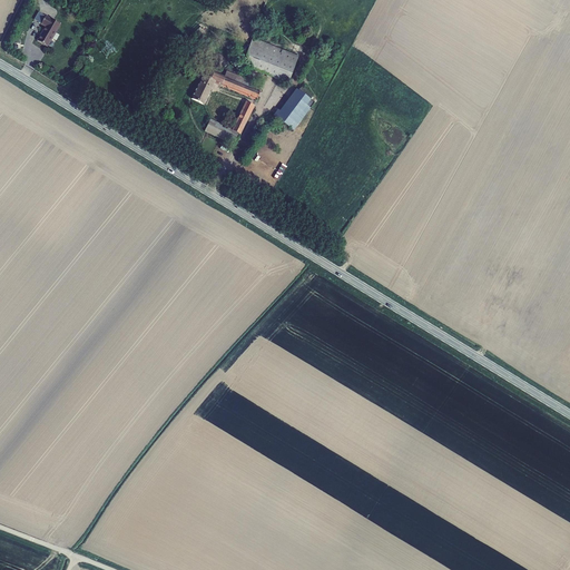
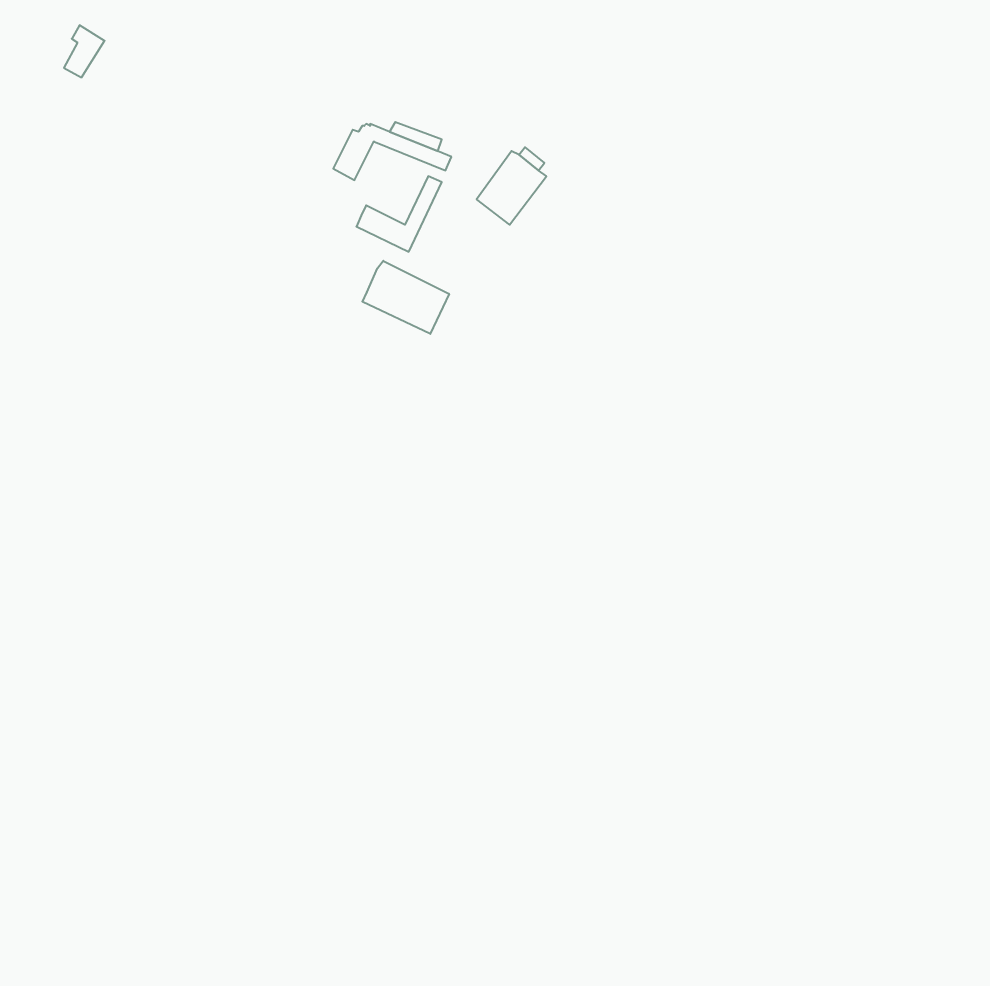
building: [242,37,298,81] -> none
building: none -> [362,261,449,334]

